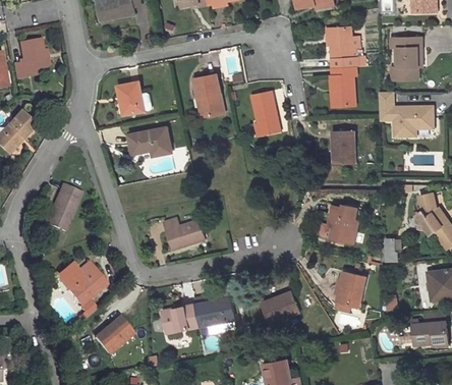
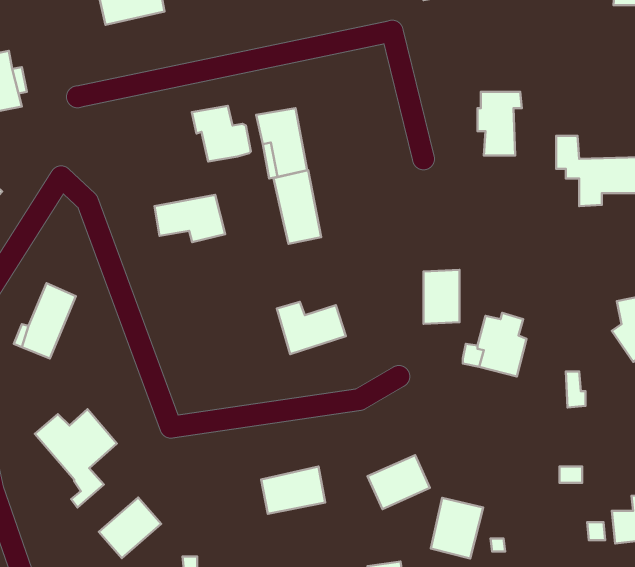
building: [330,29,363,65] -> none
building: [389,40,419,81] -> none
building: [116,81,153,116] -> [192,106,251,161]
building: [252,91,282,136] -> [274,170,321,244]
building: [335,130,357,164] -> [424,270,460,324]
building: [163,218,206,251] -> [277,302,346,354]
building: [336,271,369,309] -> [431,498,483,558]
building: [164,307,200,333] -> none

